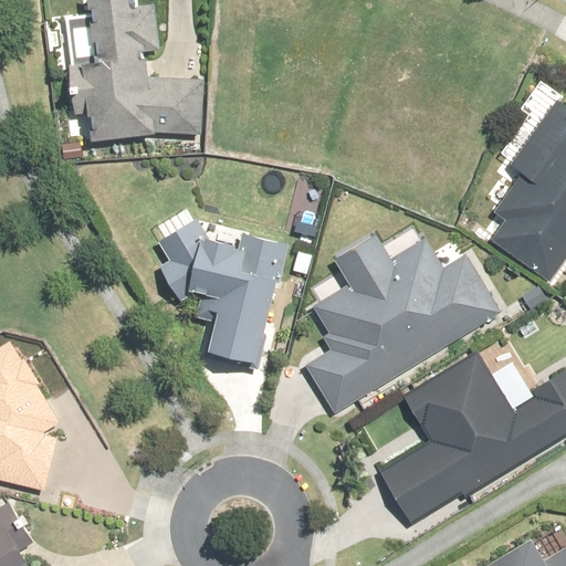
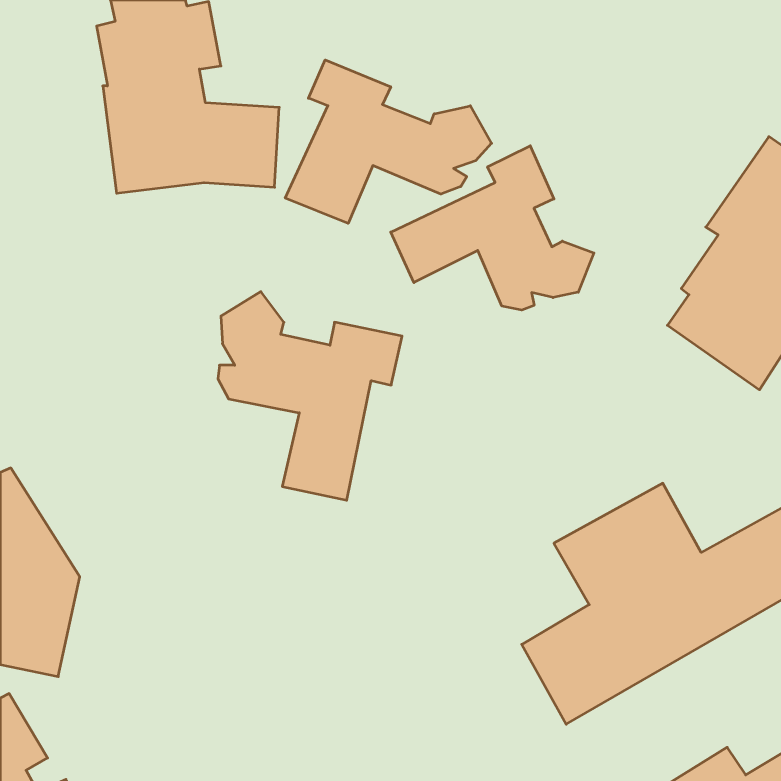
building: none -> [285,60,492,223]
building: none -> [391,146,594,310]
building: [303,232,499,412] -> none

